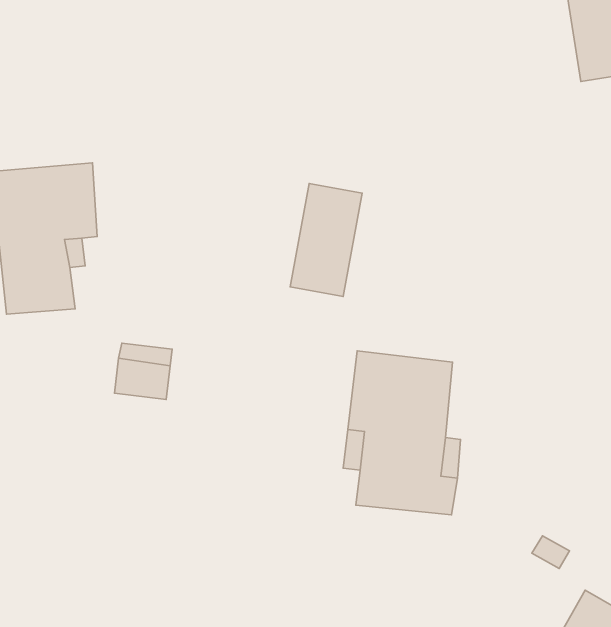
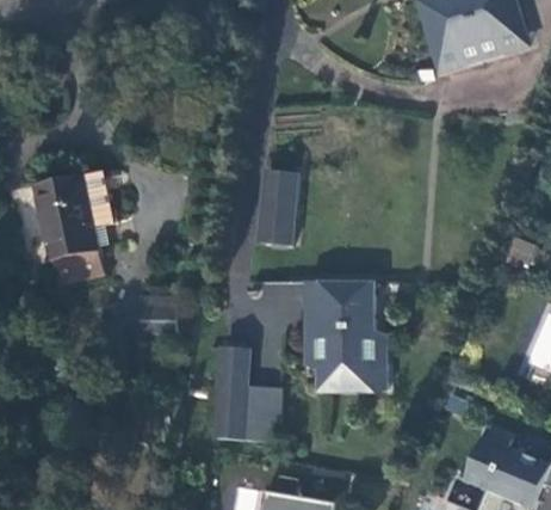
building: none -> [217,348,279,442]

